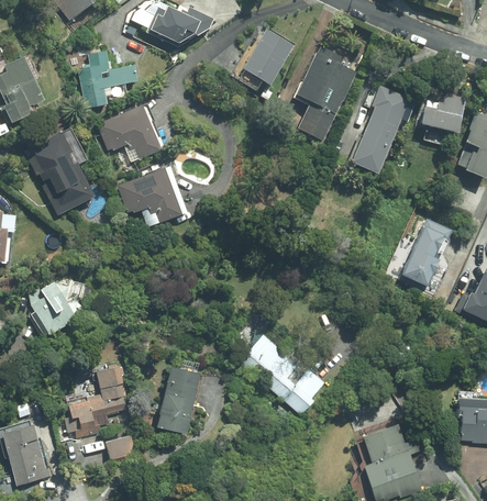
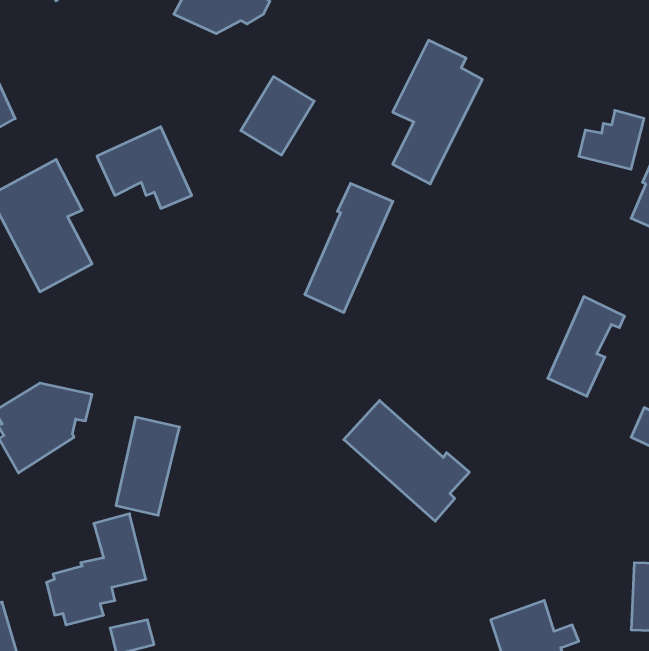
building: [243,33,292,86] -> [241,77,314,155]
building: [79,52,139,109] -> none
building: [351,87,410,174] -> [305,183,393,312]
building: [119,168,182,223] -> none
building: [239,334,323,415] -> [344,400,469,521]
building: [157,367,200,433] -> [116,417,180,515]

